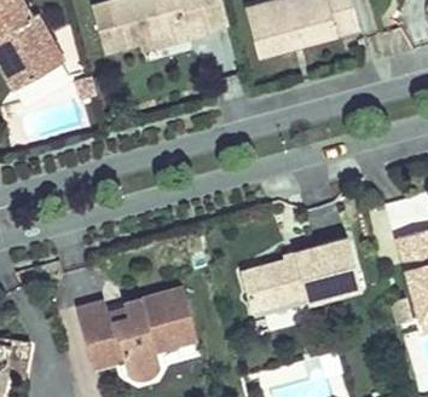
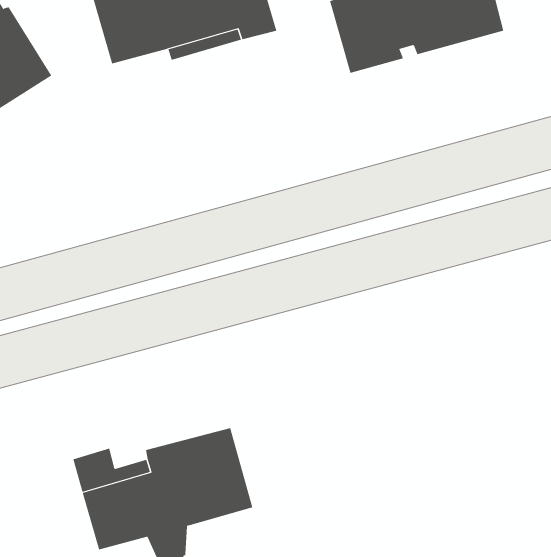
building: [239,238,359,311] -> none

